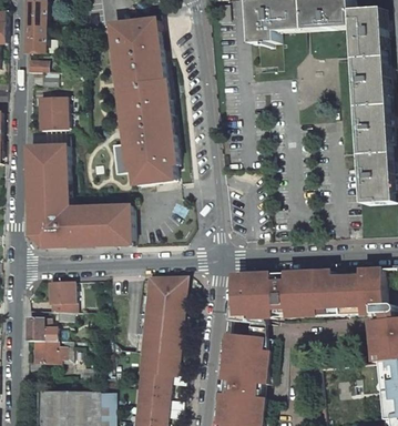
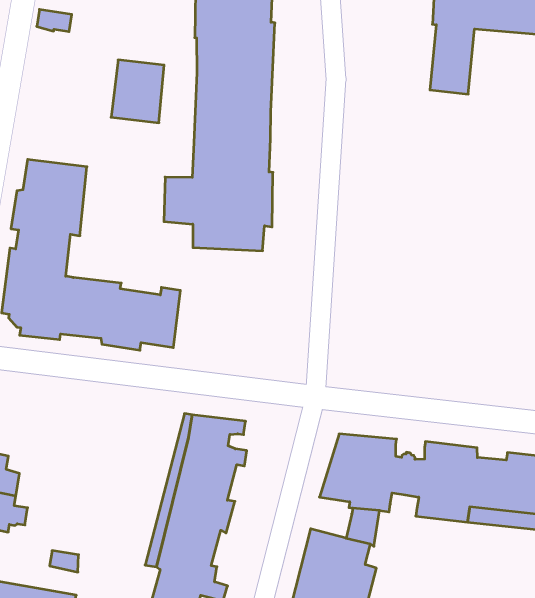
building: [37,95,65,130] -> [111,60,164,123]
building: [45,282,72,311] -> none

